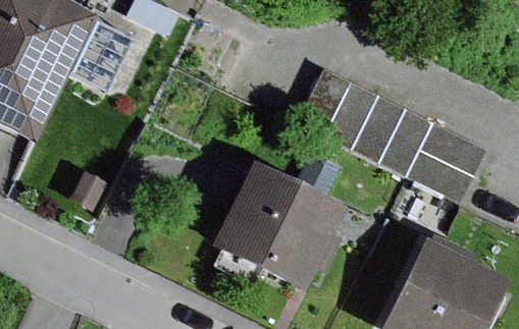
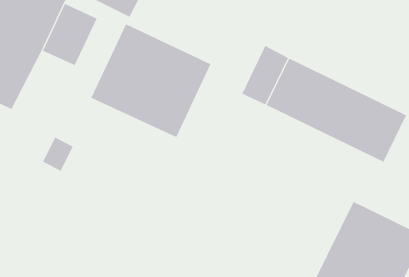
building: none -> [91,24,211,138]
building: [211,163,346,291] -> none

